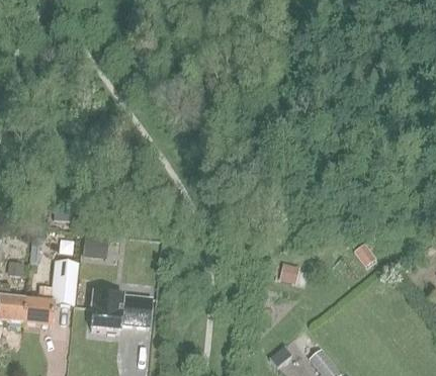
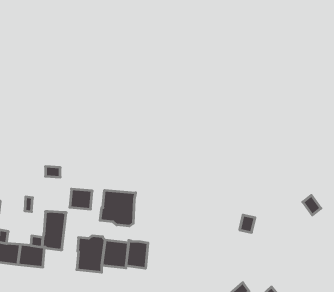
building: none -> [100,190,136,226]
building: none -> [126,240,148,268]

